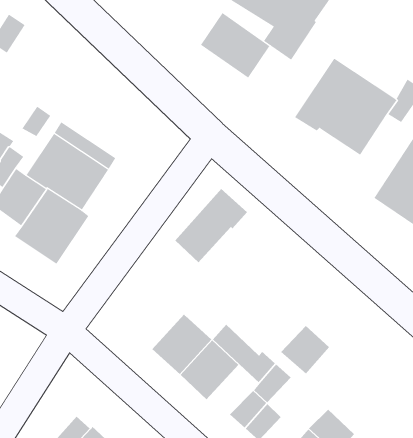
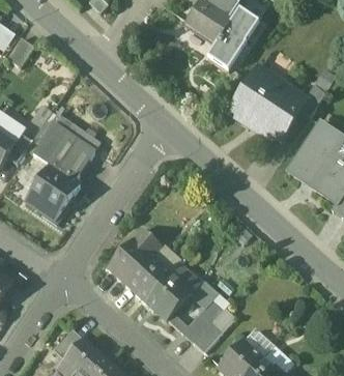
building: [200,12,270,79] -> none
building: [174,188,248,263] -> [108,227,162,282]
building: [280,325,330,374] -> none

